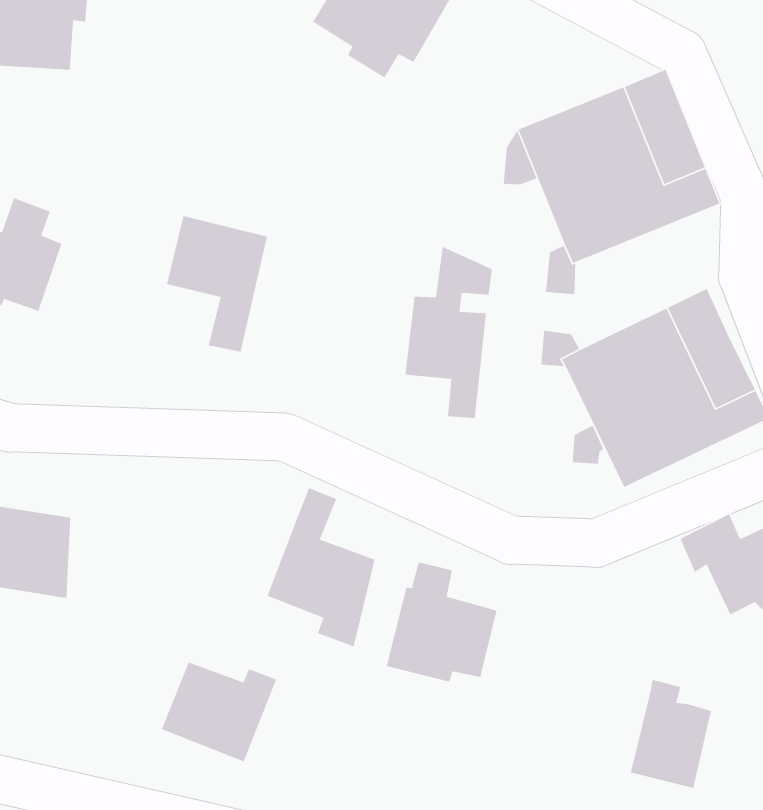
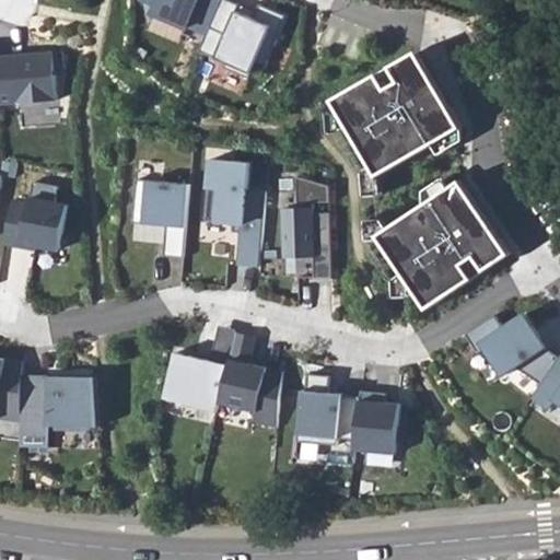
building: none -> [202,161,264,268]
building: [161,662,277,762] -> [161,354,228,412]
building: [630,679,712,789] -> [353,388,398,452]

